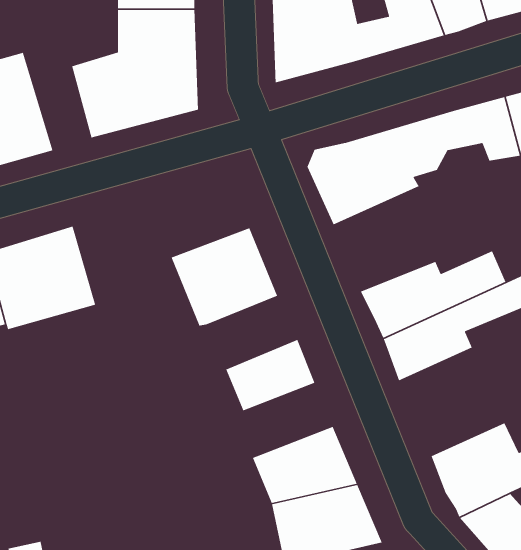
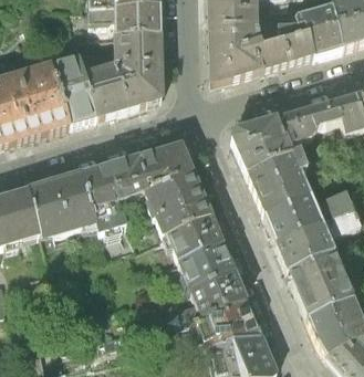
building: none -> [52,54,94,124]
building: none -> [83,142,194,229]
building: none -> [246,146,310,211]
building: none -> [167,214,223,260]
building: none -> [287,247,353,314]
building: none -> [189,269,246,313]

